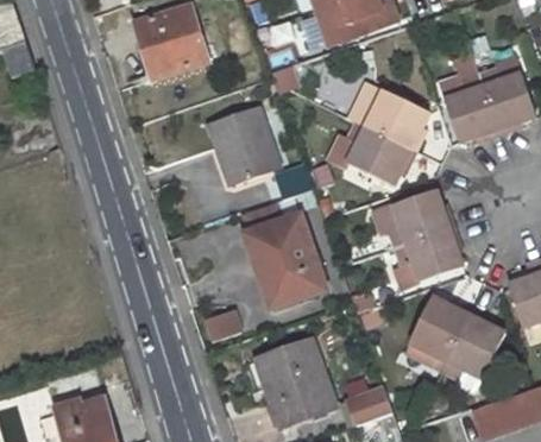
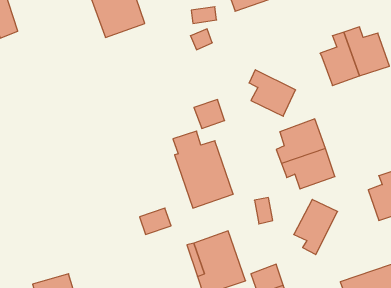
building: [354,89,428,149] -> none
building: [212,109,276,181] -> none
building: [436,314,504,380] -> none

